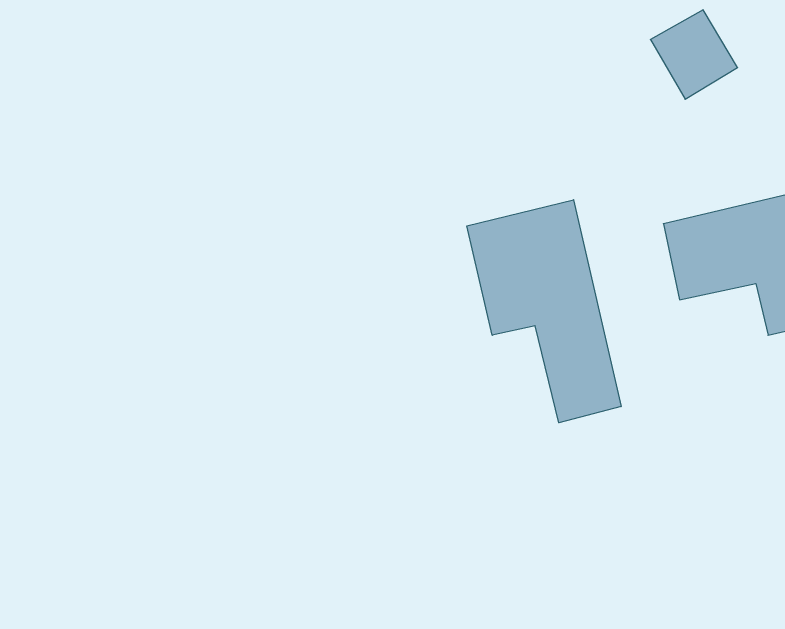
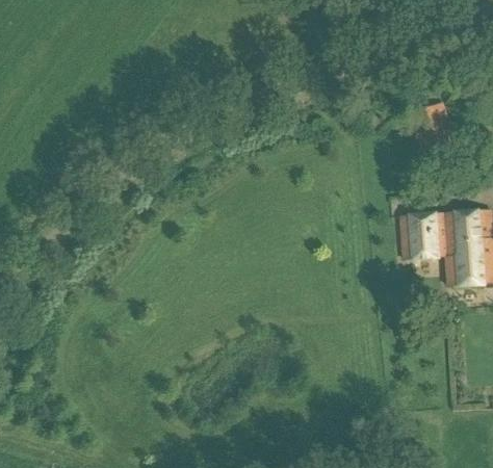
building: [467,200,621,423] -> none

